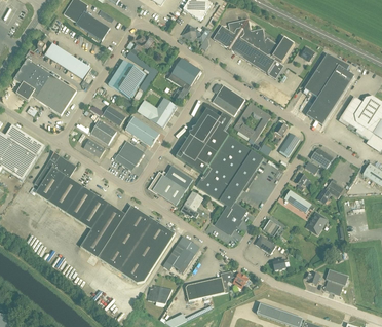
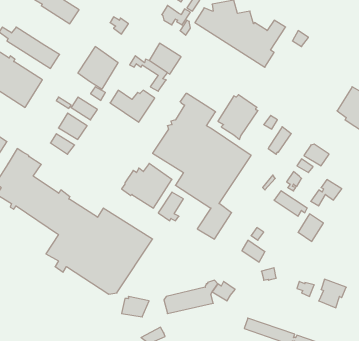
building: [304,52,354,124] -> none
building: [212,83,244,115] -> none
building: [124,114,159,145] -> none
building: [113,140,144,170] -> none
building: [163,234,199,271] -> none

